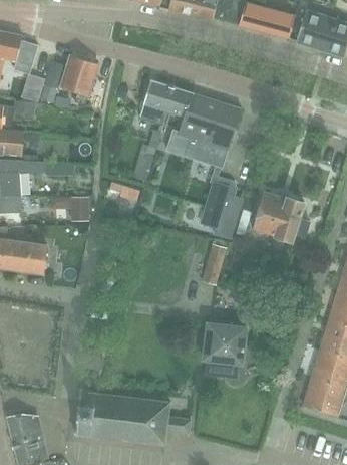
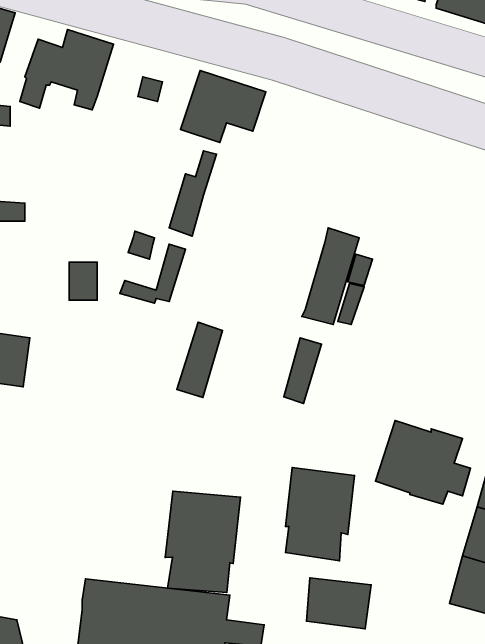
building: [165,92,242,167] -> none
building: [200,180,228,226] -> [177,322,223,398]
building: [252,191,310,242] -> [376,421,471,504]
building: none -> [165,491,241,592]
building: none -> [306,578,371,629]

